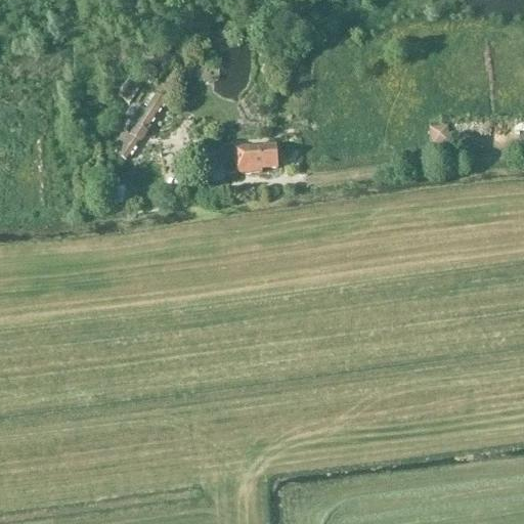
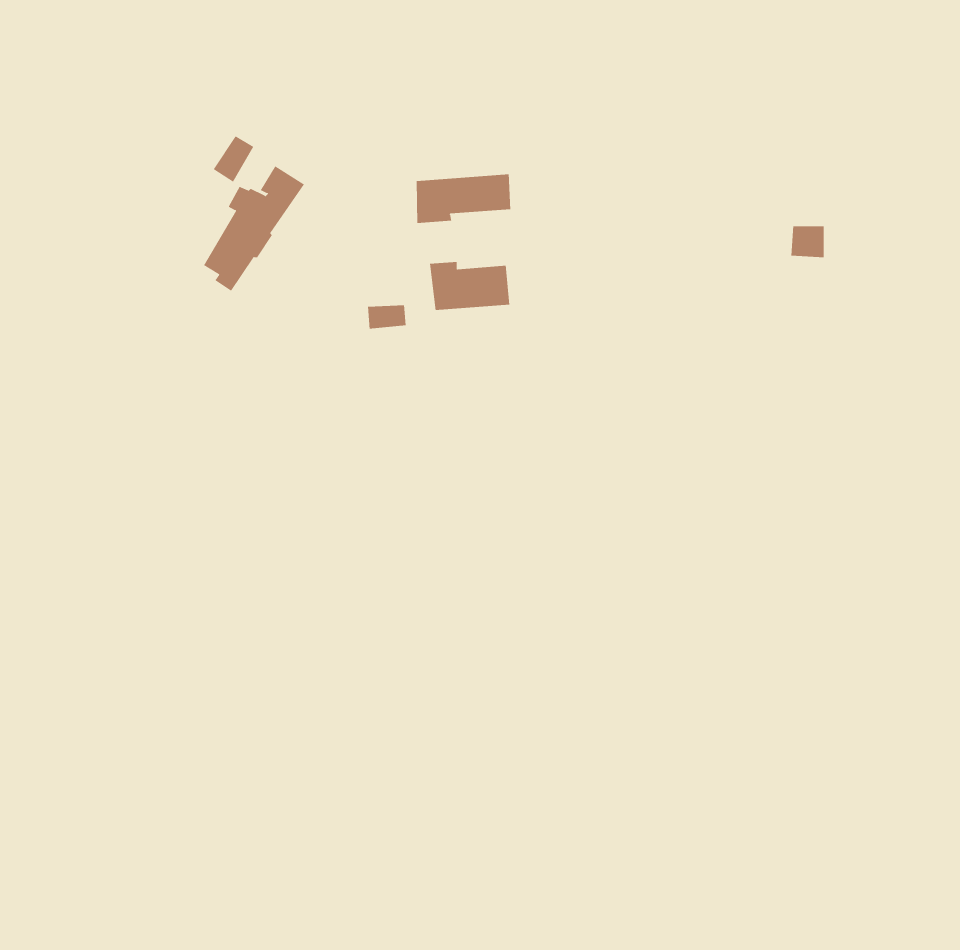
building: none -> [416,174,511,224]

